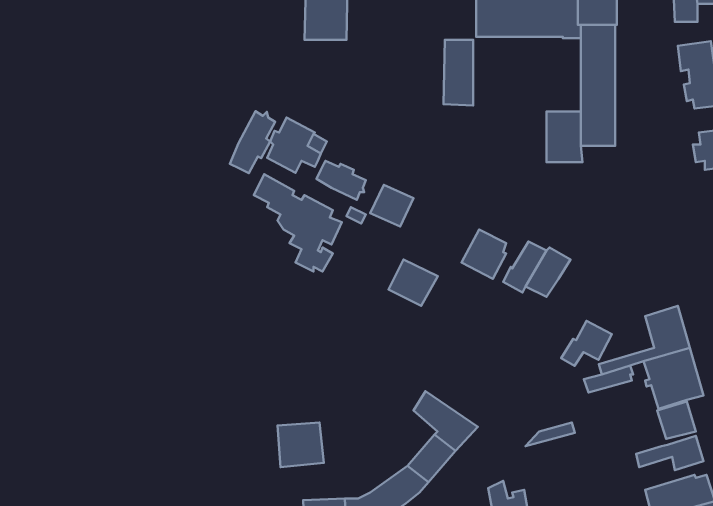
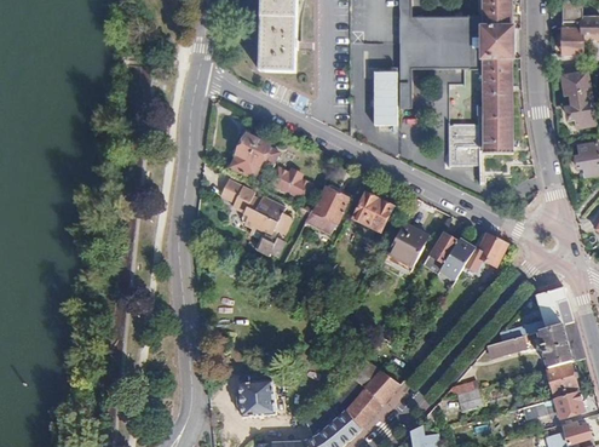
building: [230,111,275,173] -> none
building: [388,260,438,306] -> [353,193,393,230]
building: [561,321,612,366] -> [466,233,507,269]

